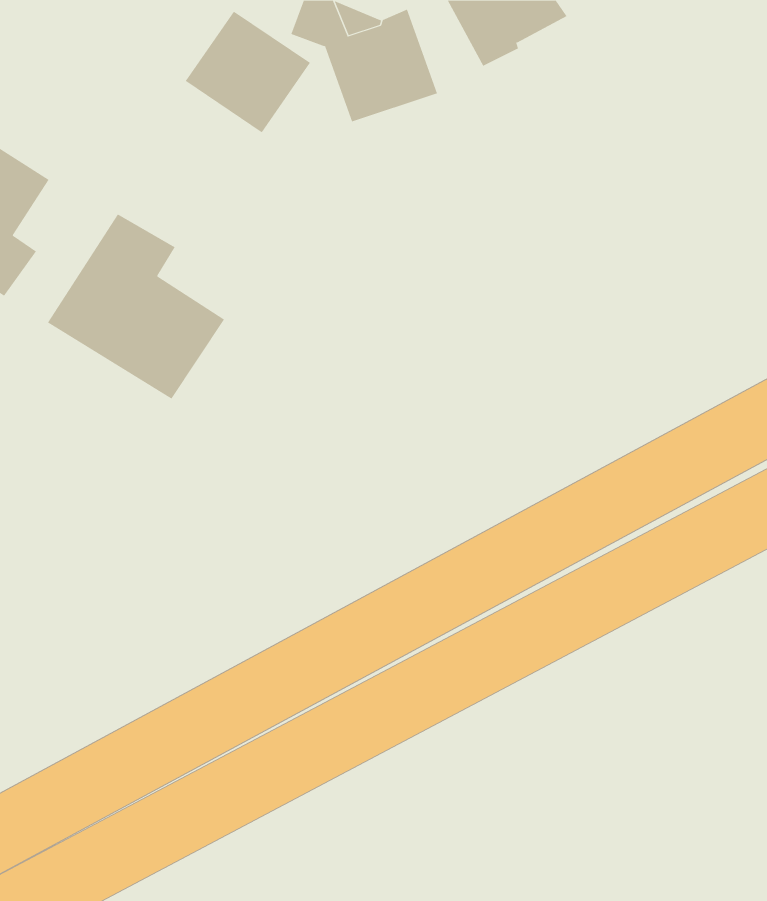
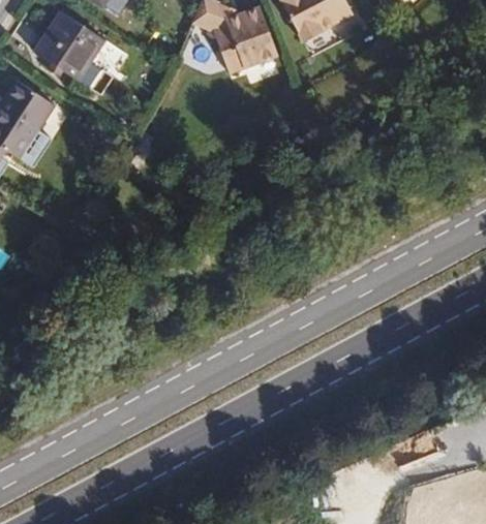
building: [185,11,311,133] -> [30,11,102,82]
building: [47,214,225,400] -> none

